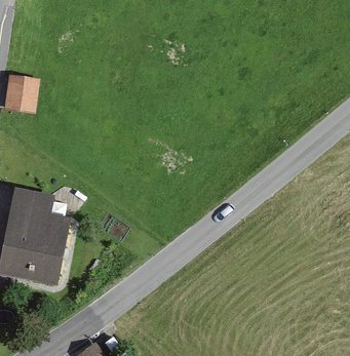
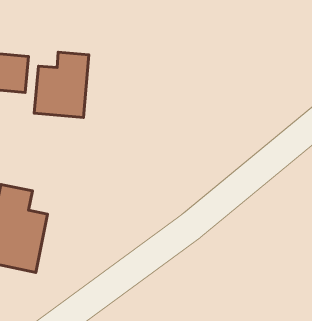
building: none -> [34,52,89,117]

